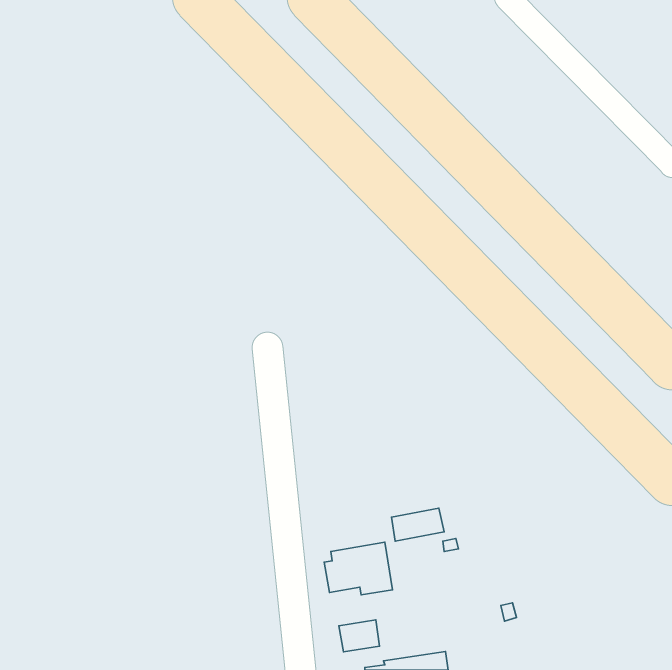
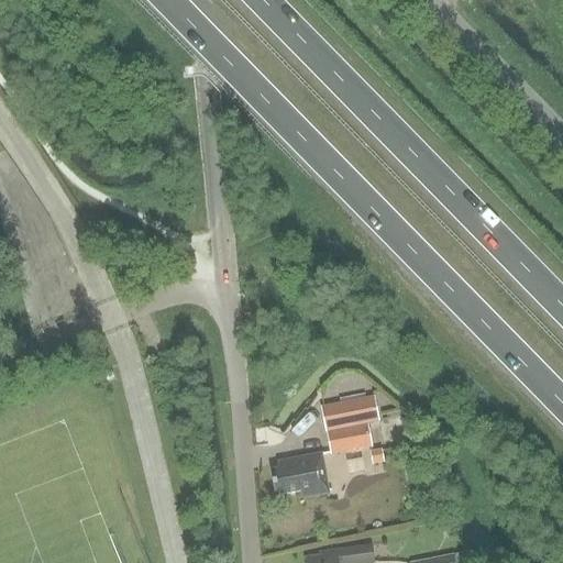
building: none -> [320,395,379,431]
building: [339,620,380,652] -> none

